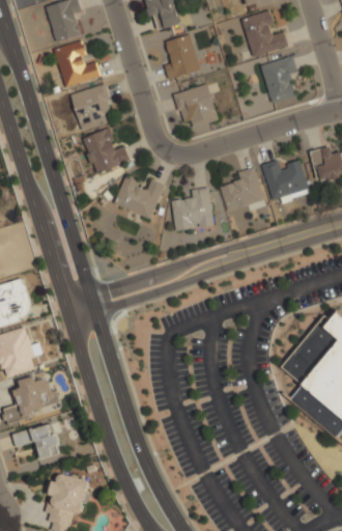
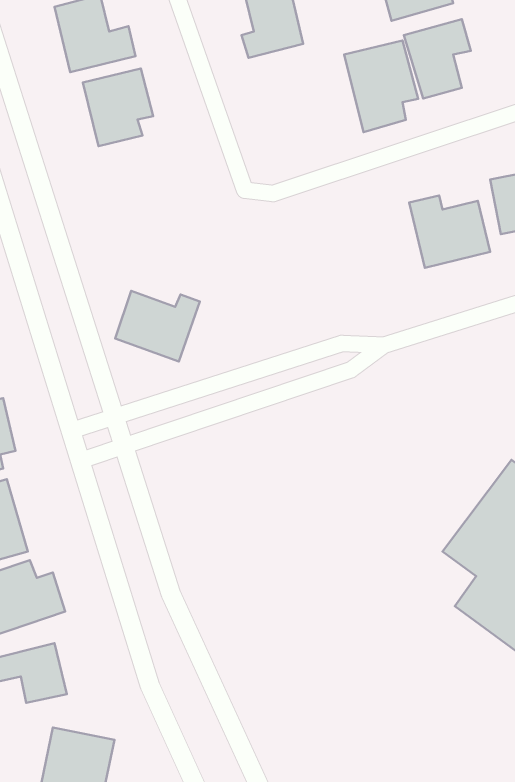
building: [174,83,218,137] -> [344,41,418,132]
building: [81,128,131,174] -> none
building: [221,166,264,211] -> none
building: [114,176,164,218] -> [115,291,200,361]
building: [171,186,215,231] -> none

